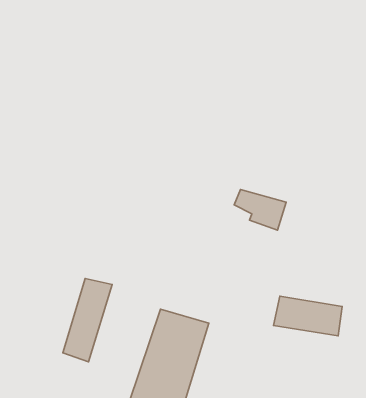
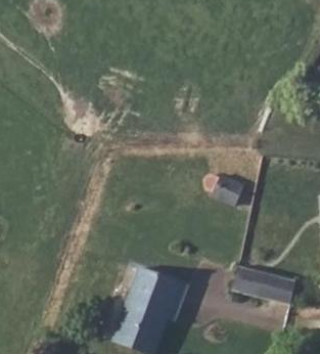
building: [63,279,112,362] -> none

